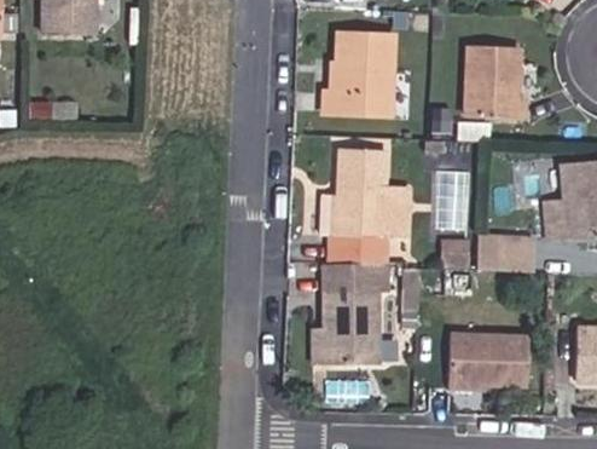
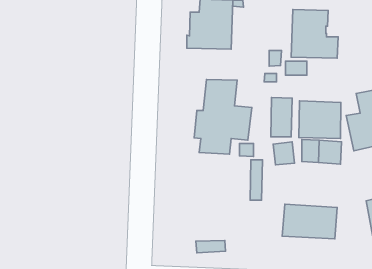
building: none -> [299,101,341,138]
building: [311,265,390,380] -> none

